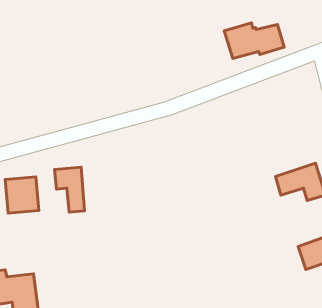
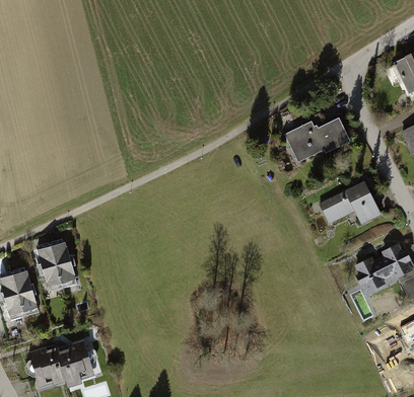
building: [224,23,284,59] -> [283,116,349,160]
building: [55,167,85,212] -> none

